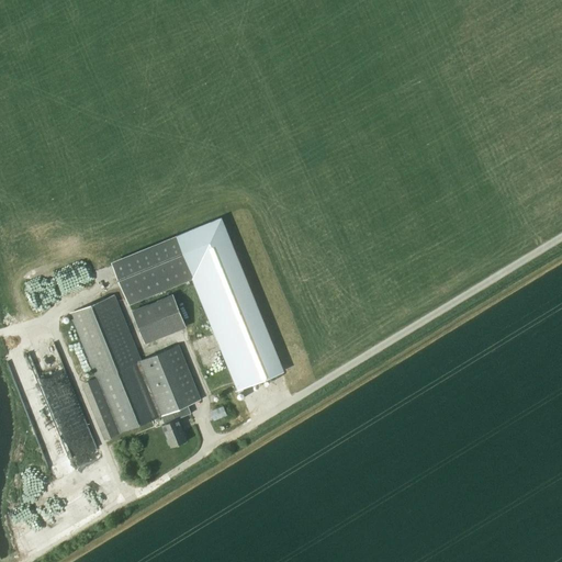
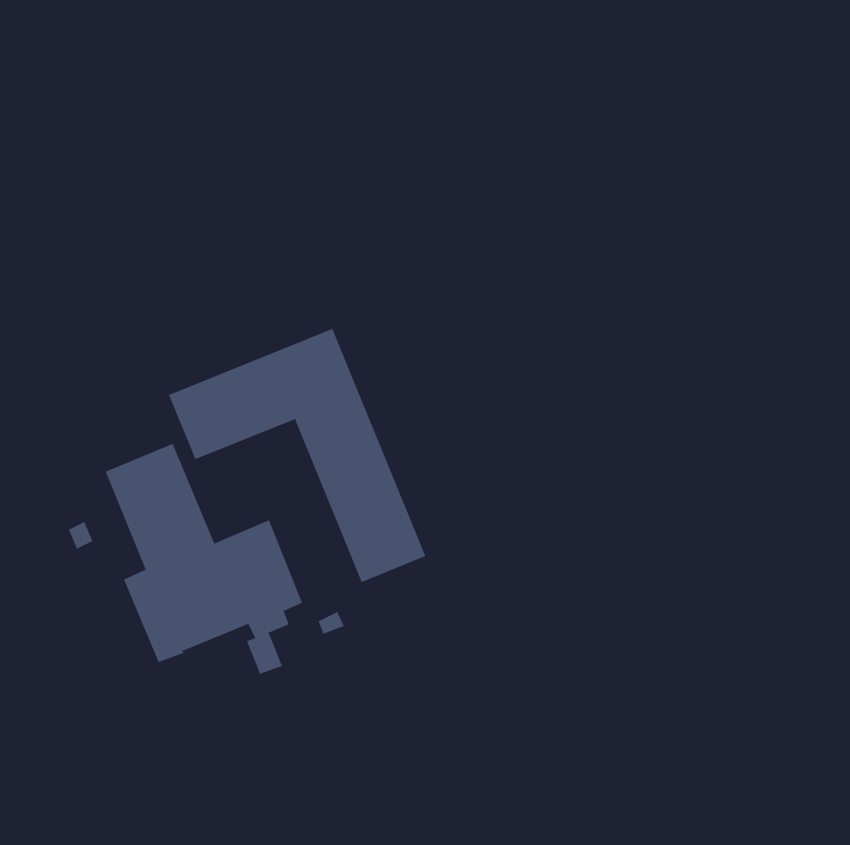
building: [132,294,187,344] -> none

